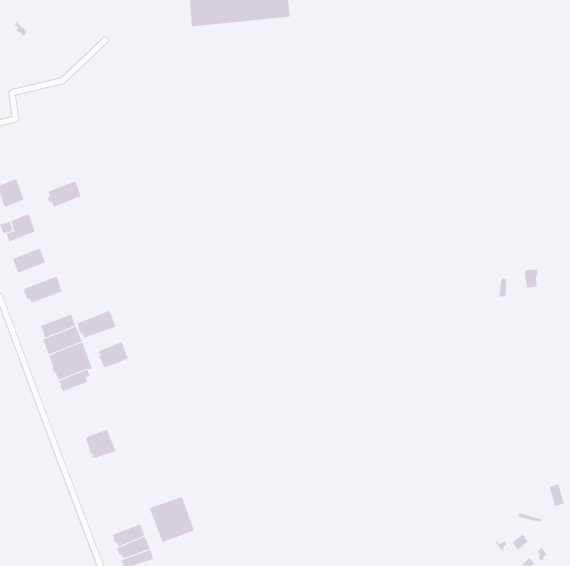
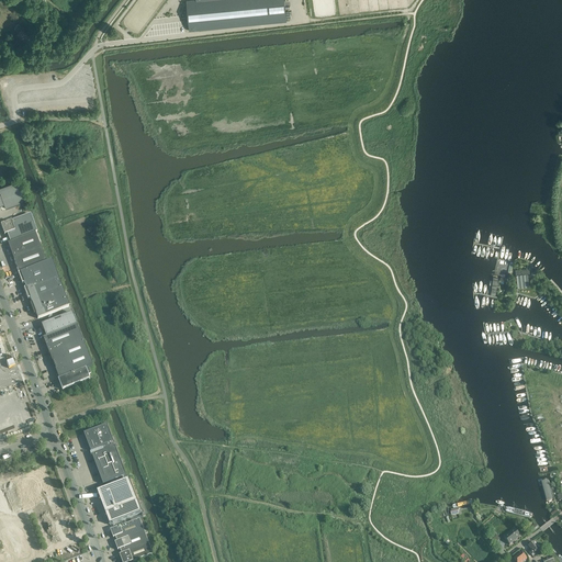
building: [47,181,81,207] -> [5,228,40,255]
building: none -> [16,257,56,283]
building: [76,310,117,338] -> [29,286,68,314]
building: [96,341,128,368] -> none
building: none -> [91,443,124,480]
building: [149,496,195,543] -> [95,475,140,521]

